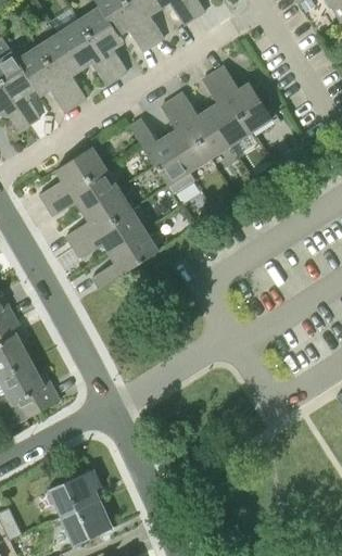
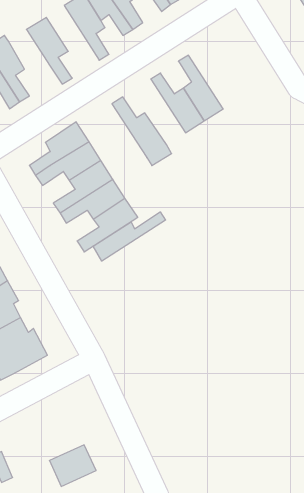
building: [58,20,115,86] -> none
building: [16,46,75,113] -> none
building: [213,66,271,132] -> none
building: [161,100,210,172] -> none
building: none -> [93,212,166,261]
building: [48,469,101,517] -> none

